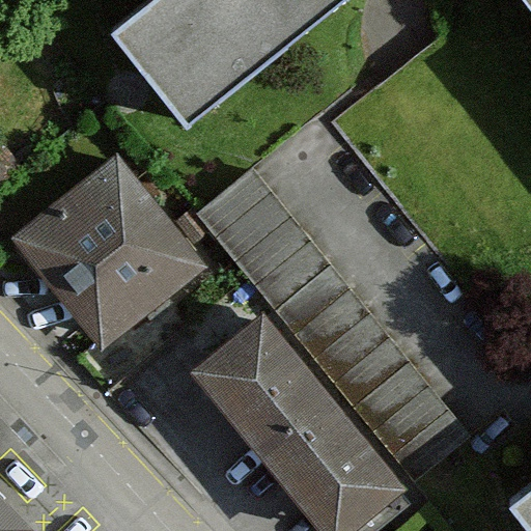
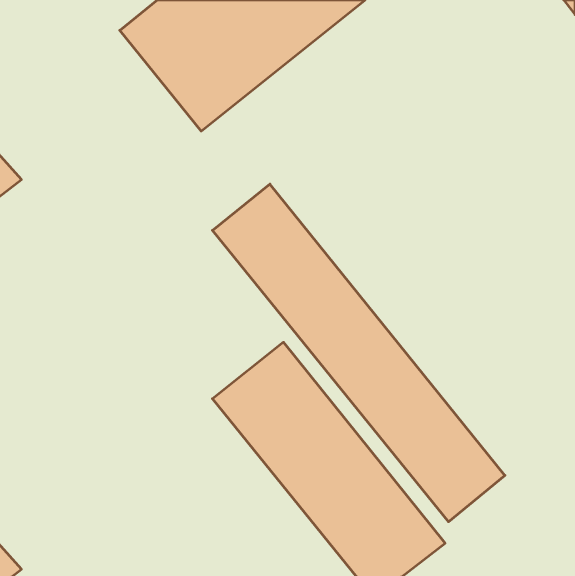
building: [20,162,196,338] -> none

